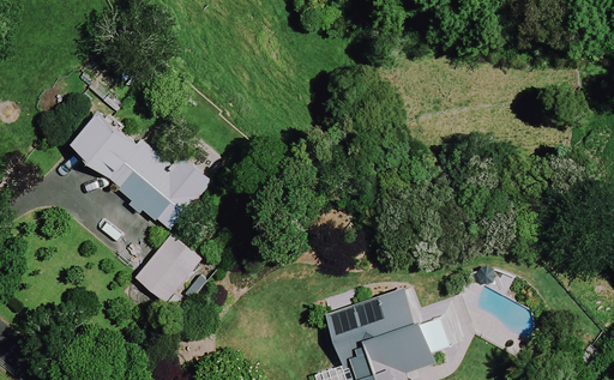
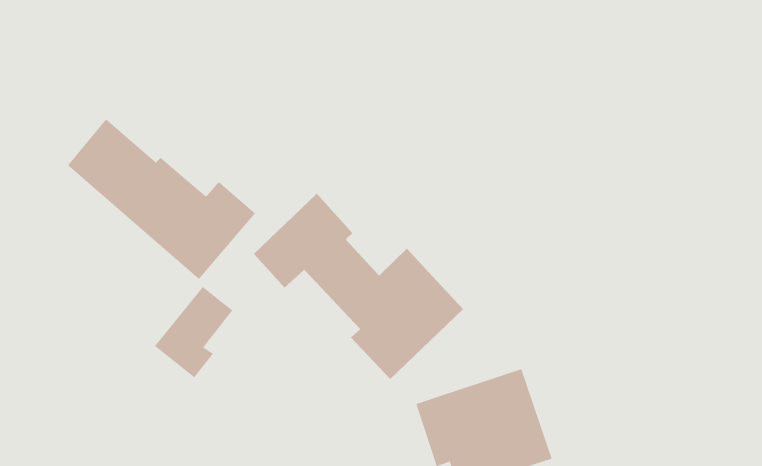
building: none -> [253,193,464,380]

